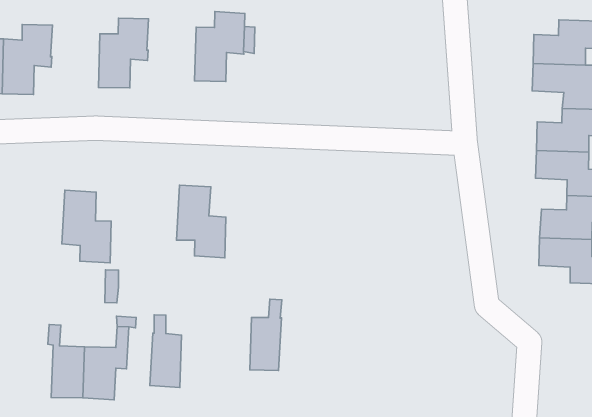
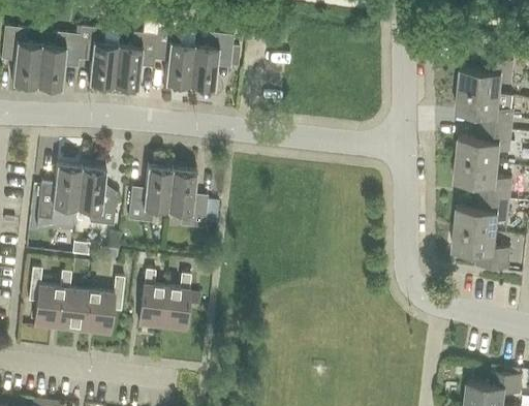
building: none -> [154,27,194,87]
building: none -> [77,27,118,87]
building: none -> [128,166,173,222]
building: none -> [37,163,82,228]
building: [250,299,282,370] -> [162,274,191,331]
building: none -> [29,268,64,330]

